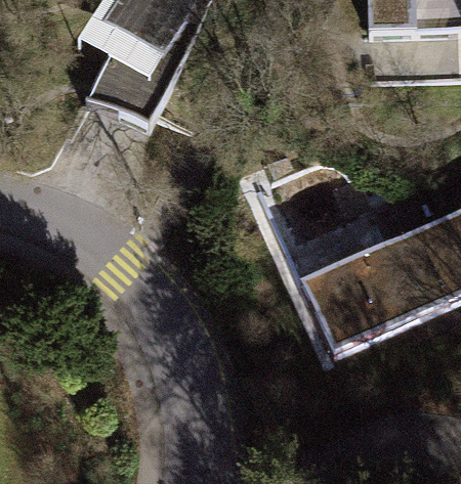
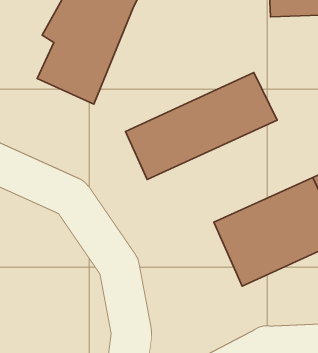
building: none -> [125,72,277,180]

